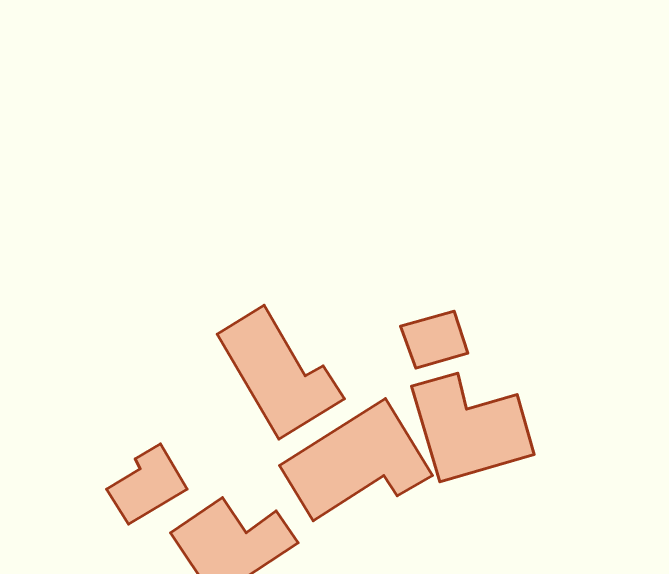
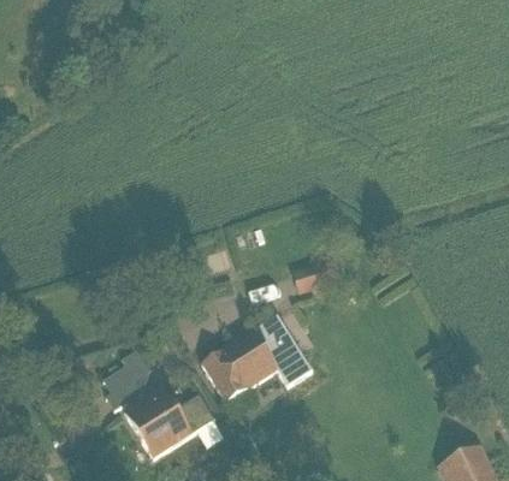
building: [217,305,345,439] -> none
building: [411,373,534,482] -> none

